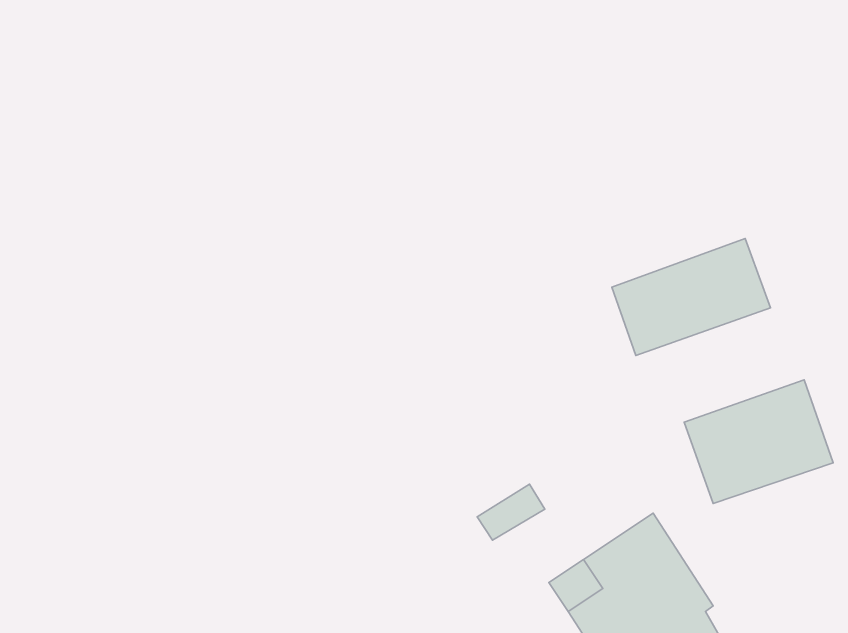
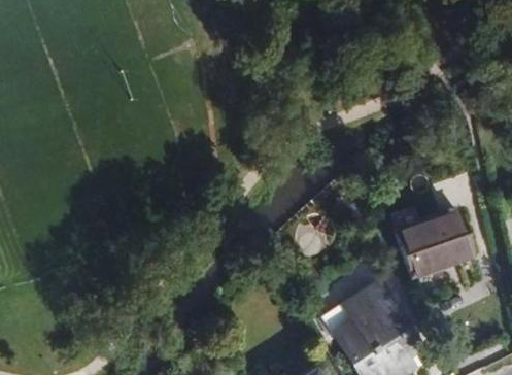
building: [612,238,770,356] -> none

